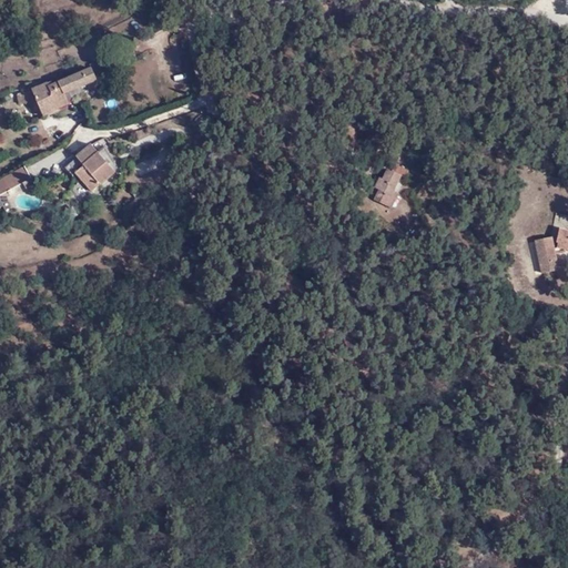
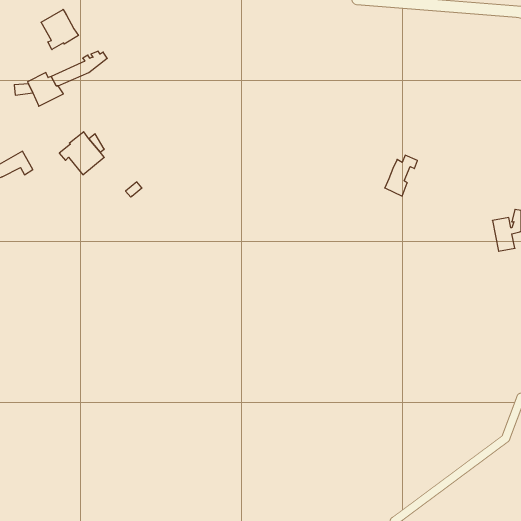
building: none -> [41,9,78,50]
building: [373,163,408,207] -> [385,155,417,196]

